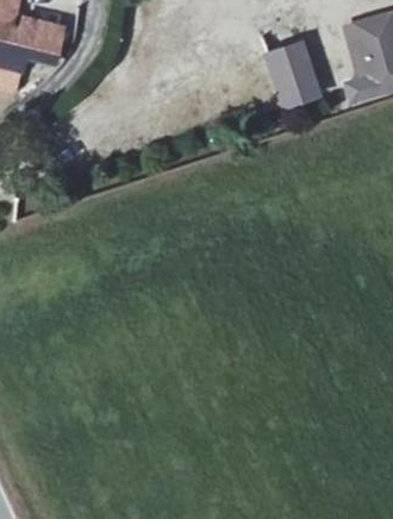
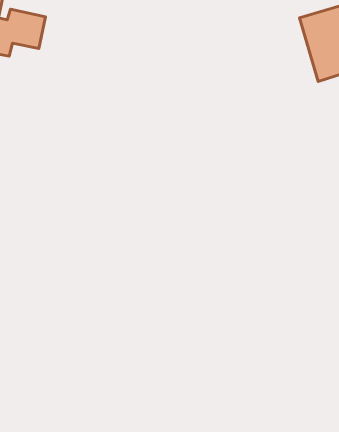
building: [260,38,320,110] -> none

